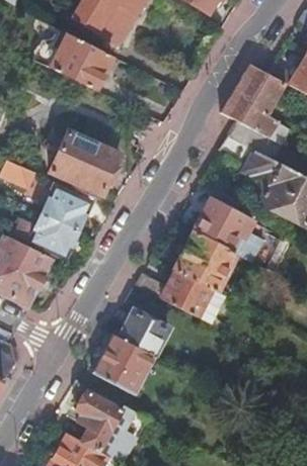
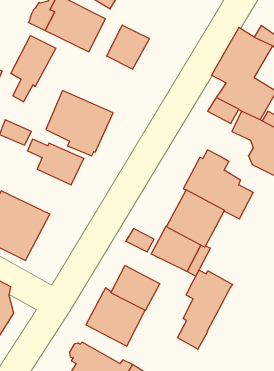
building: none -> [107,25,149,69]
building: none -> [11,36,56,102]
building: [29,211,77,255] -> none
building: none -> [177,270,233,349]

